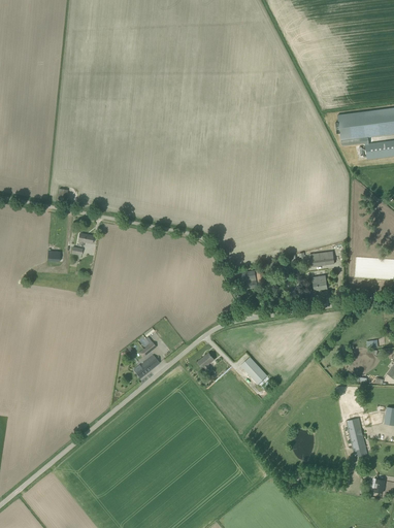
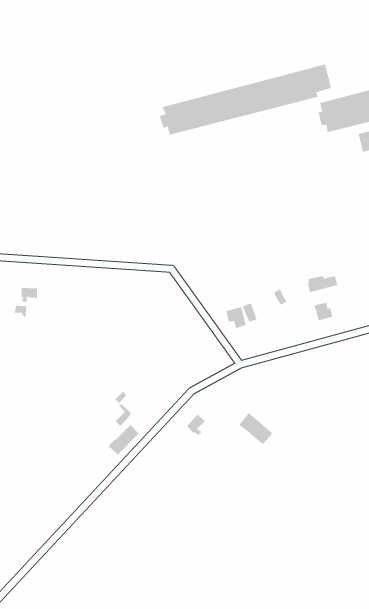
building: none -> [159,63,332,135]

